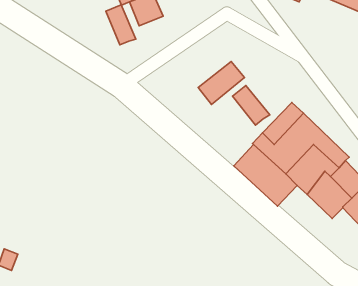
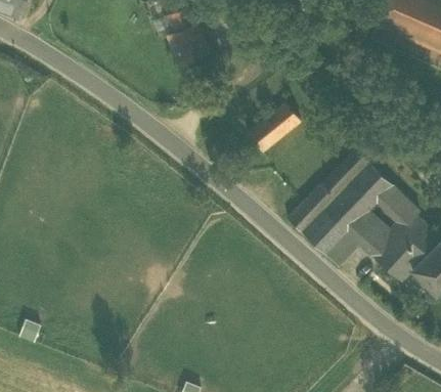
building: [106,5,136,45] -> none
building: [232,85,270,125] -> none

